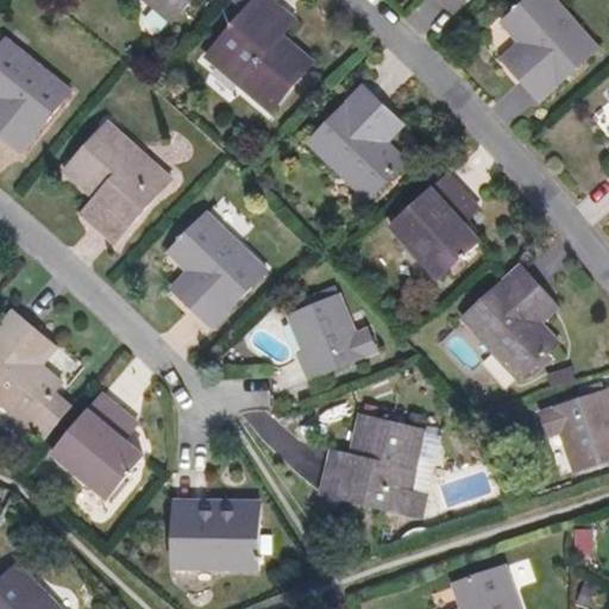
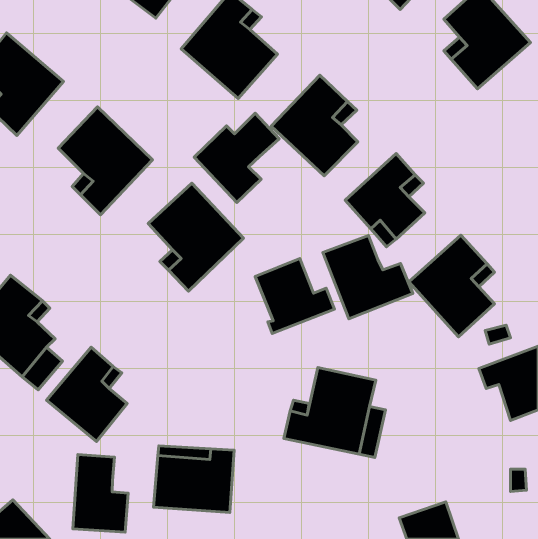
building: none -> [194,113,279,202]
building: none -> [323,236,413,319]
building: none -> [73,454,128,532]

